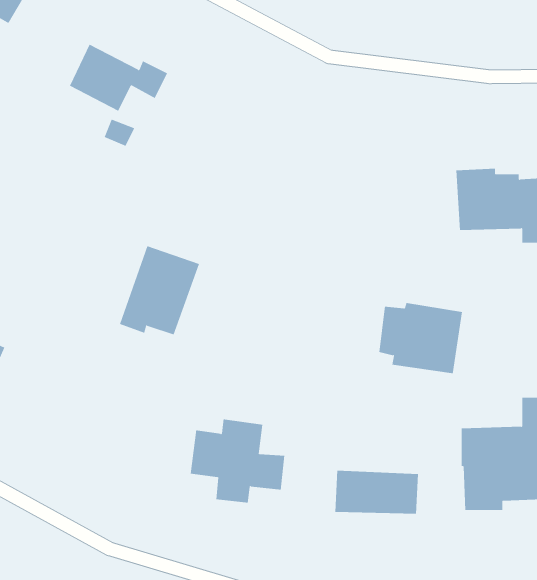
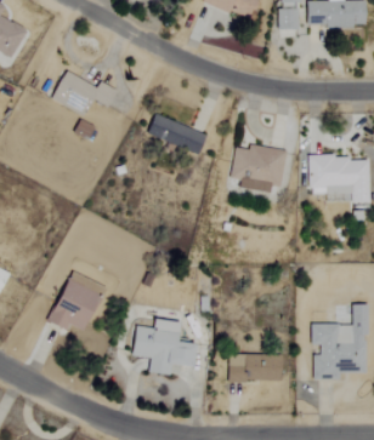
building: none -> [148,113,208,155]
building: [119,246,200,335] -> [51,272,104,331]
building: [379,303,463,374] -> [232,144,288,192]

